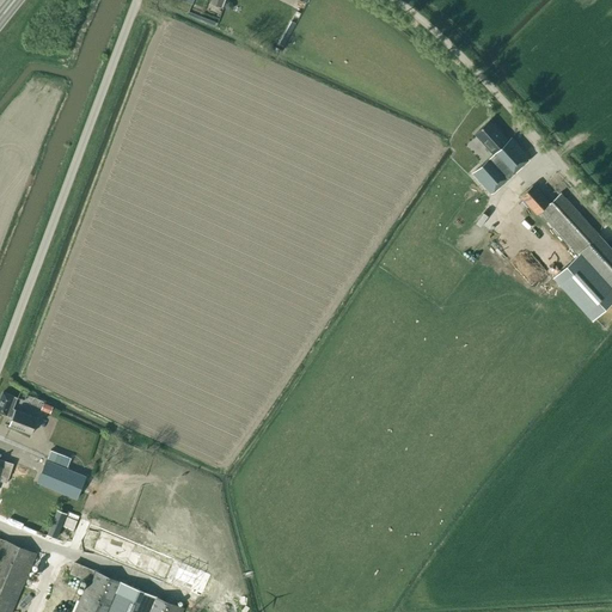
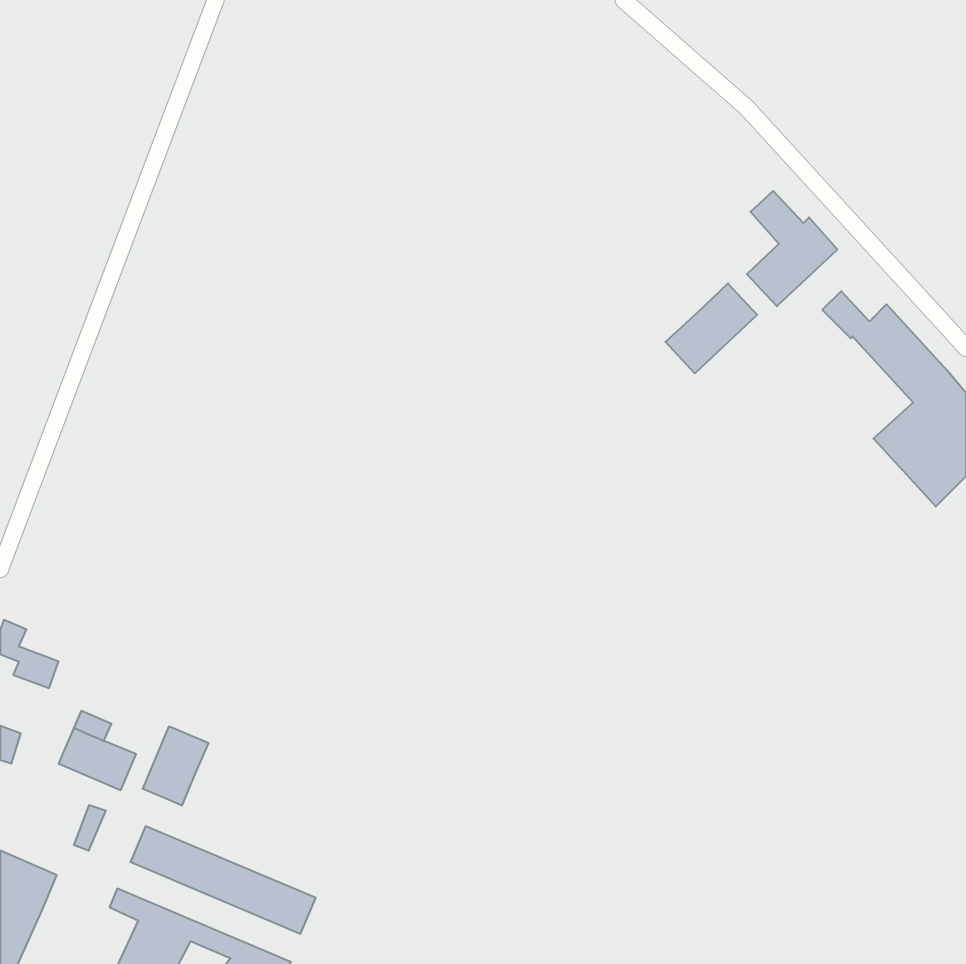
building: none -> [665,283,757,373]
building: none -> [143,726,208,806]

